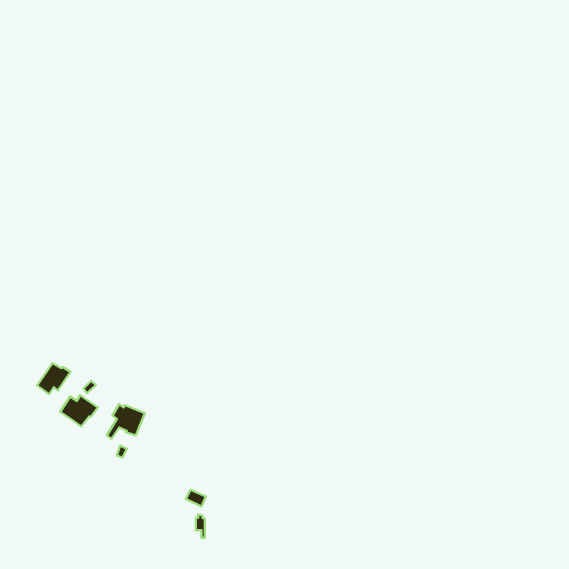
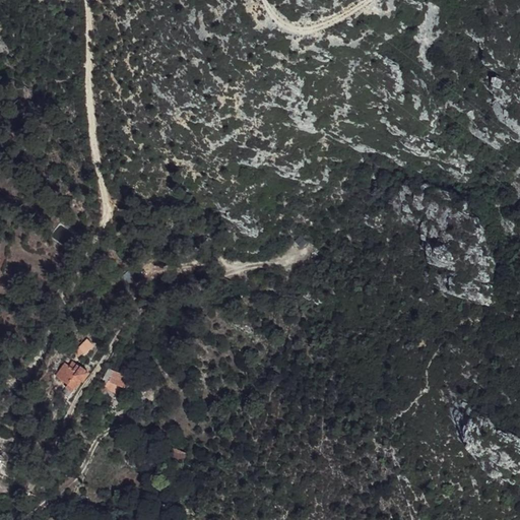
building: [37,363,71,394] -> none

